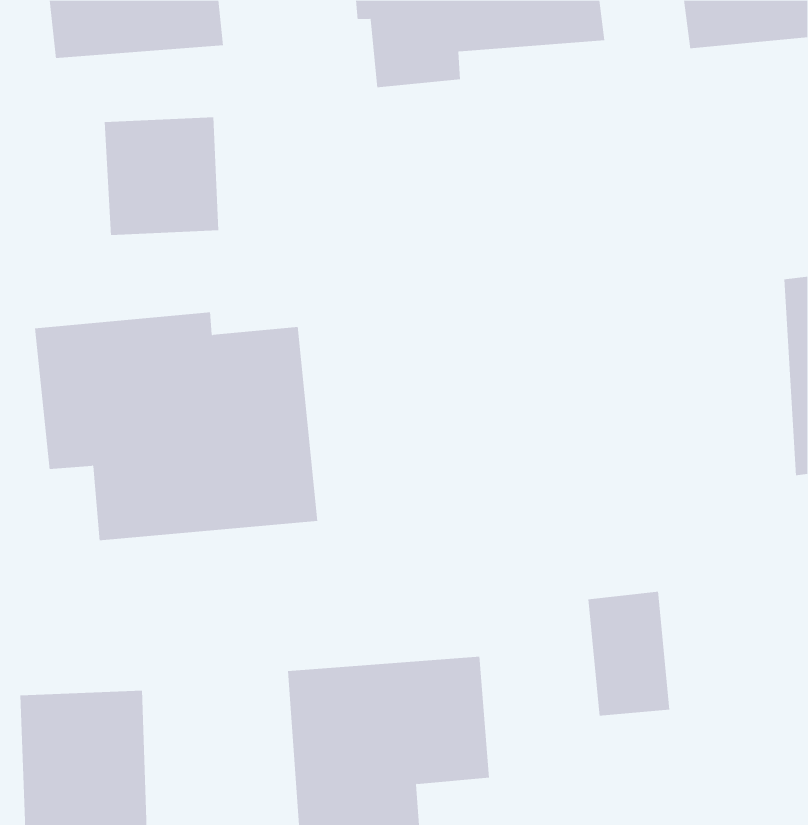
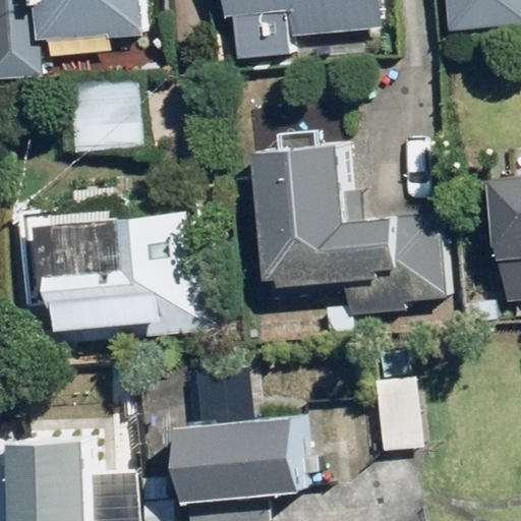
building: none -> [253,142,447,315]

